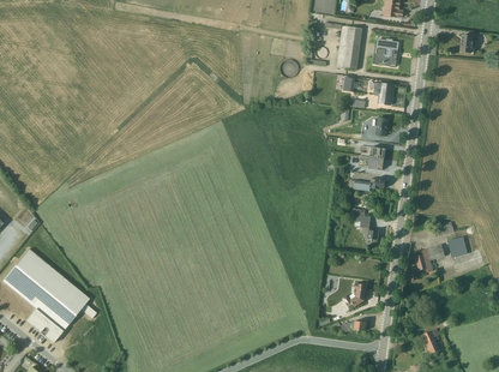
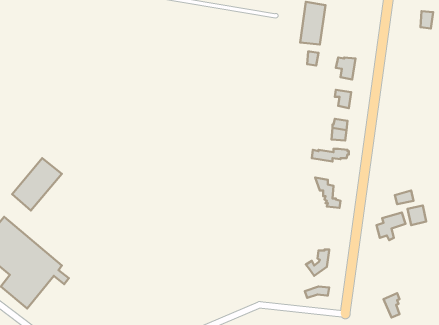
building: [373,38,398,66] -> none
building: none -> [12,158,62,210]

